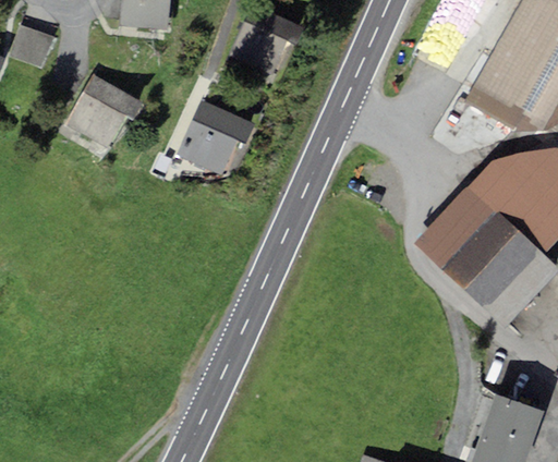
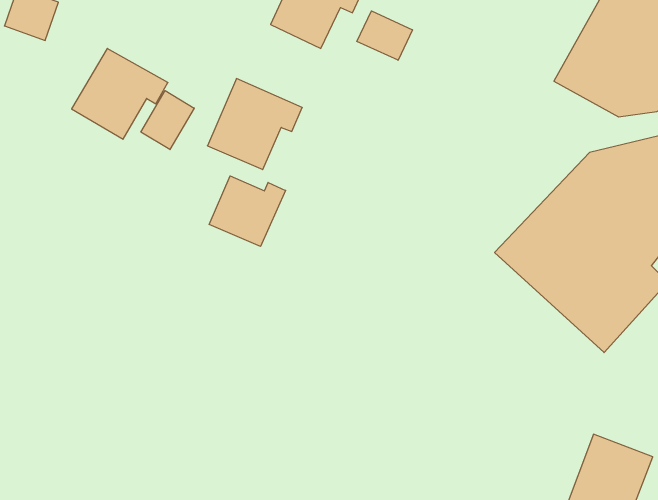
building: none -> [357,11,412,60]
building: none -> [141,91,194,150]
building: none -> [209,176,286,246]

